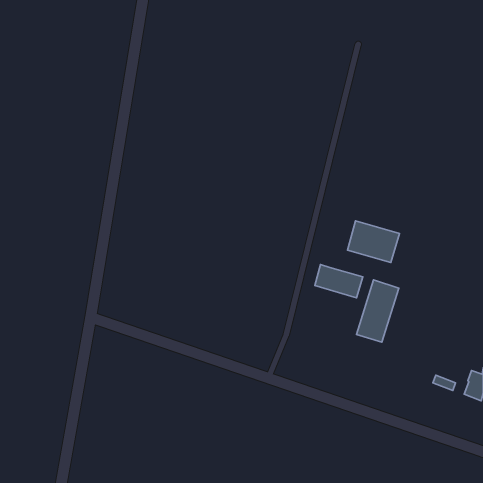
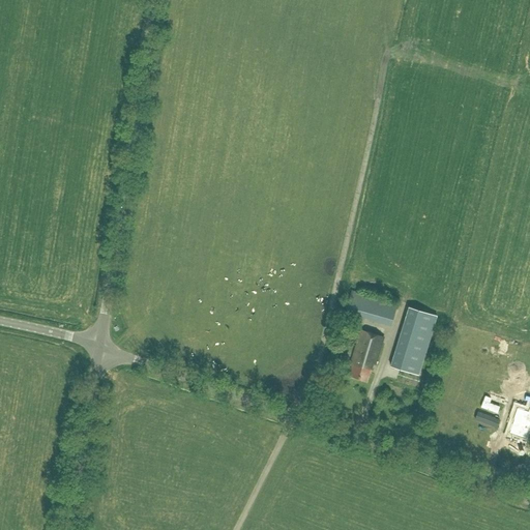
building: [347,221,399,262] -> none
building: none -> [348,330,383,381]

